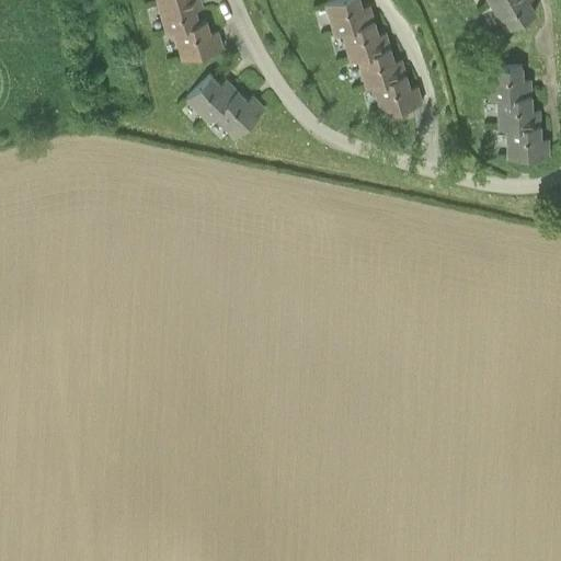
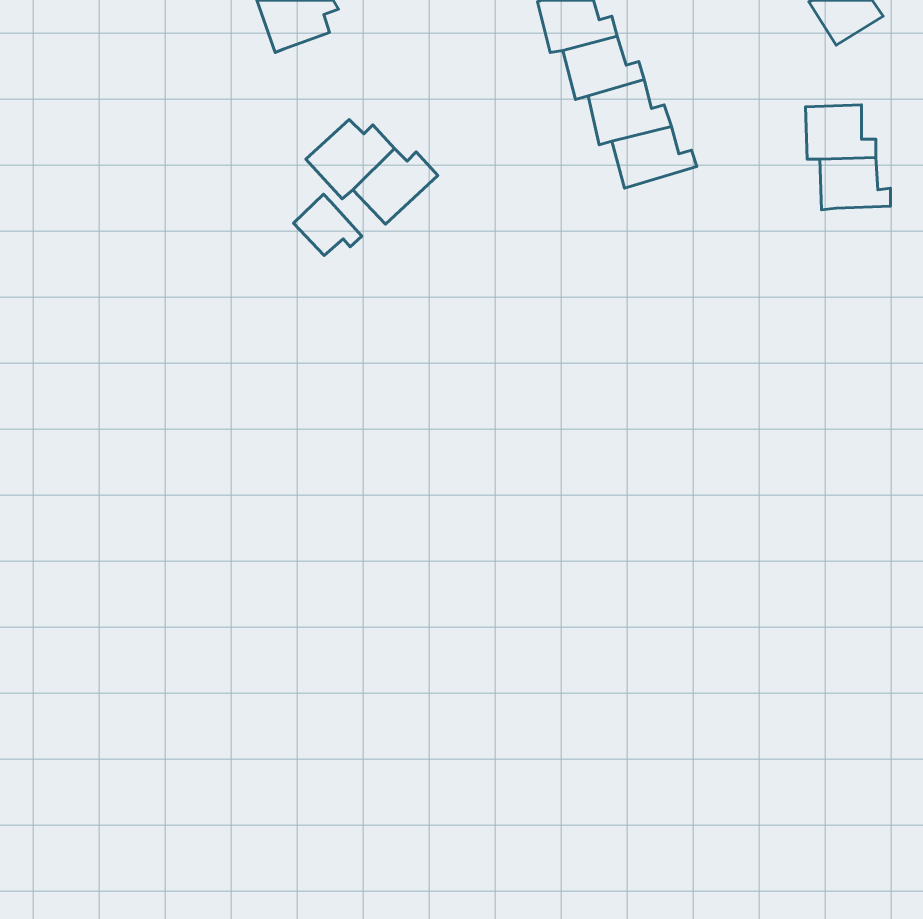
building: [173,21,224,61] -> none
building: none -> [293,194,362,256]
building: [507,128,549,159] -> none

